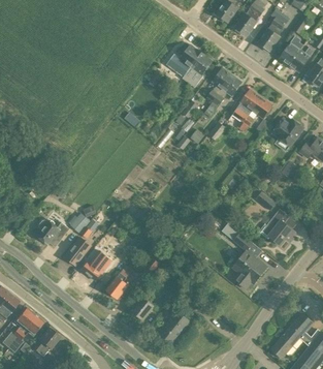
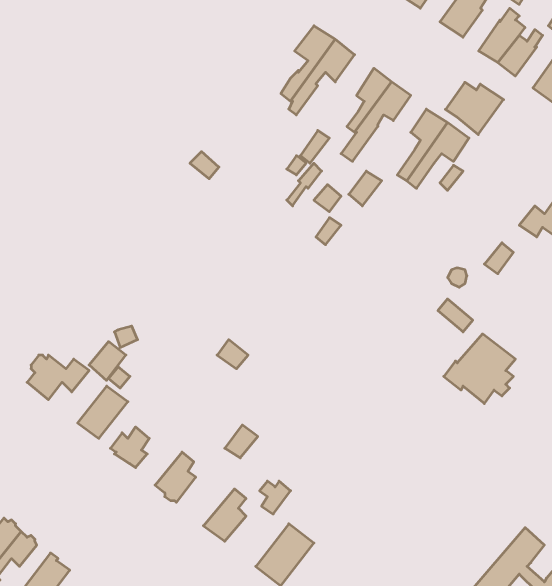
building: [272,118,303,146] -> [445,82,504,135]
building: [232,232,267,288] -> none

